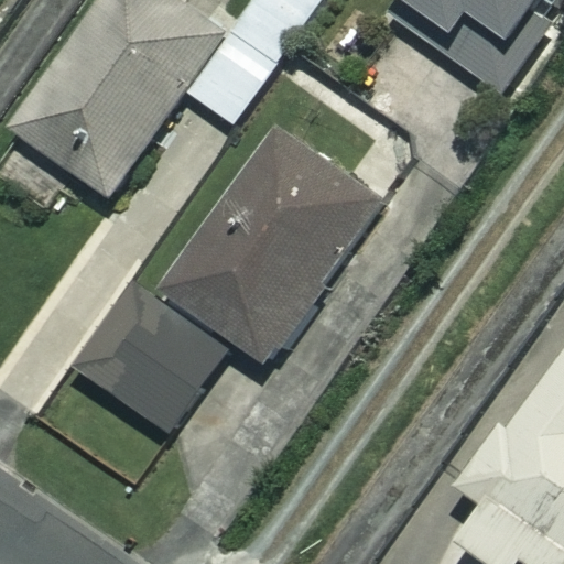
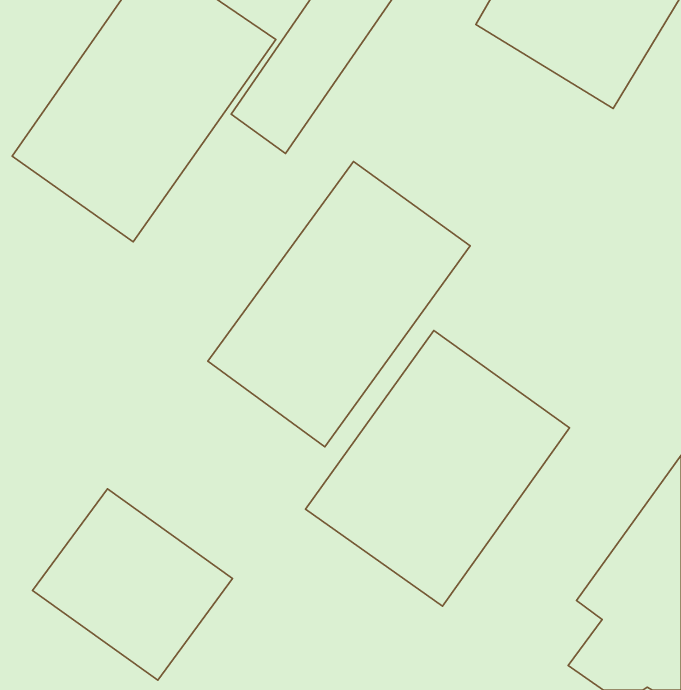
building: none -> [306,330,570,606]
building: [70,279,232,434] -> [33,489,232,680]

